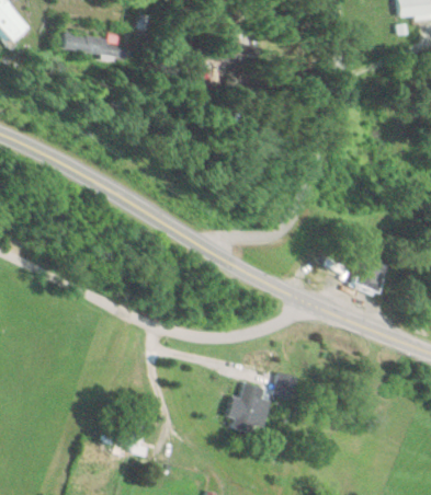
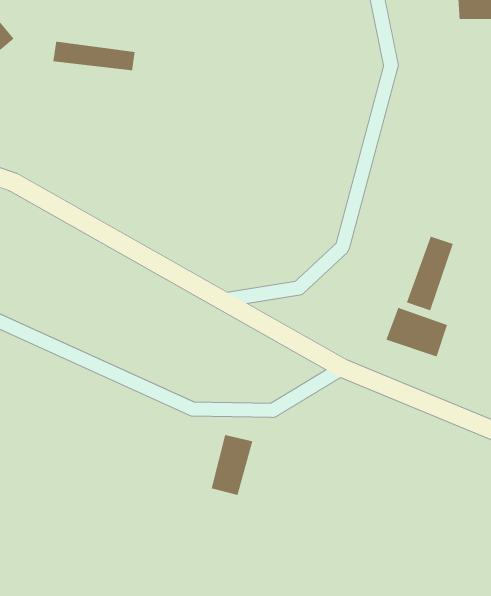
building: none -> [406,236,454,311]
building: [228,382,262,431] -> [211,434,253,495]

